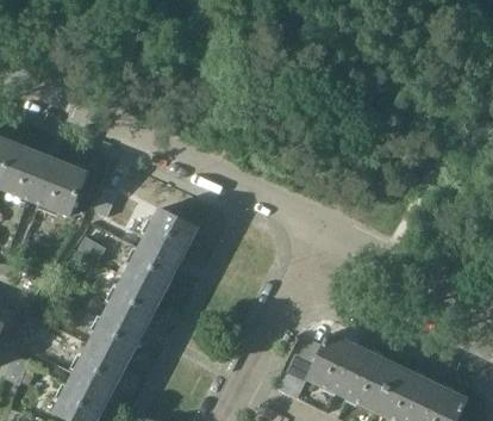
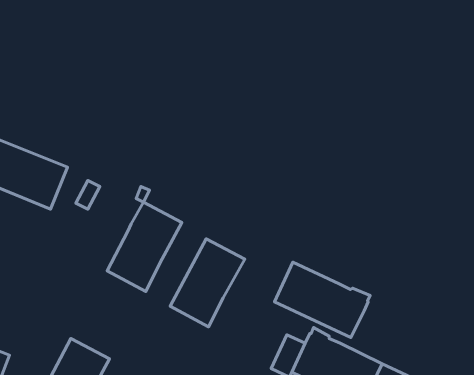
building: none -> [275,262,370,337]
building: [88,277,162,364] -> [170,239,245,327]

